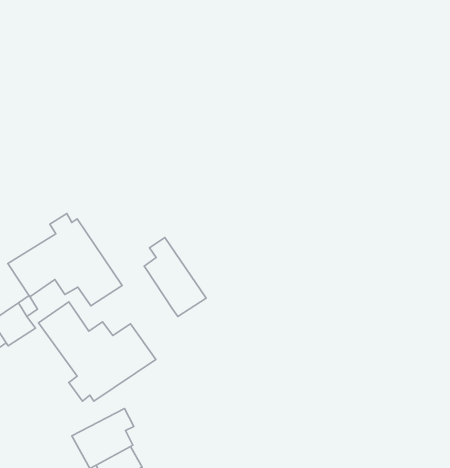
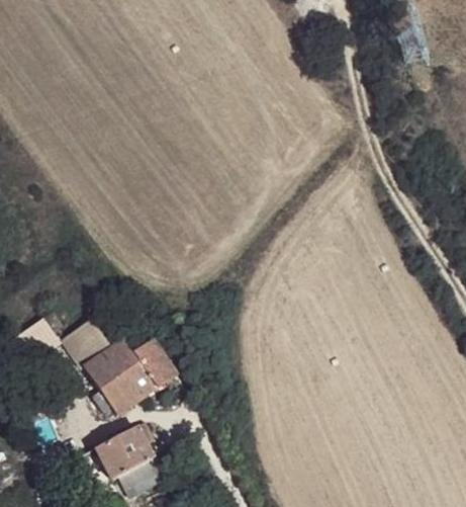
building: [8,214,122,306] -> none
building: [144,238,206,317] -> none

